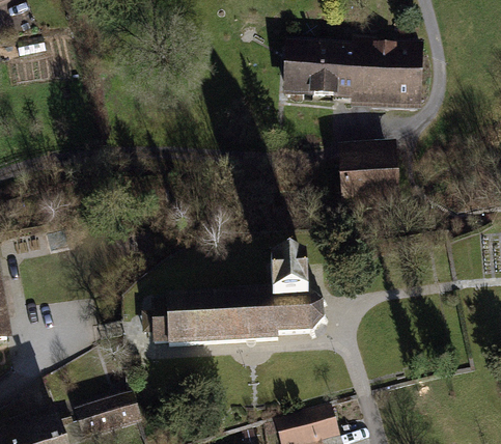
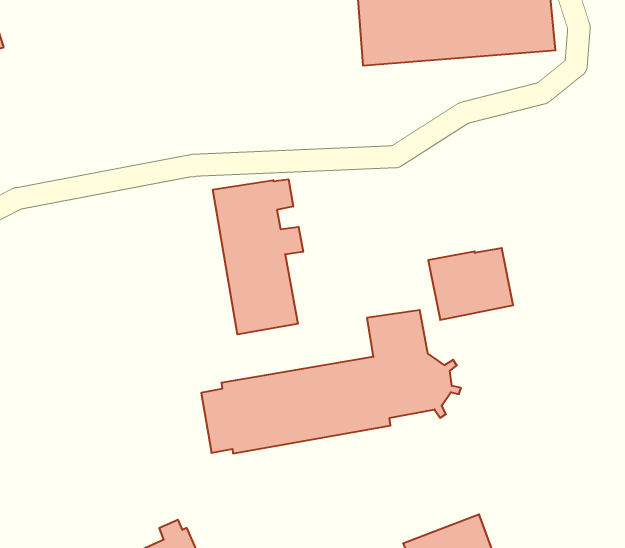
building: [340,156,394,199] -> [428,248,513,320]
building: none -> [213,179,303,334]

